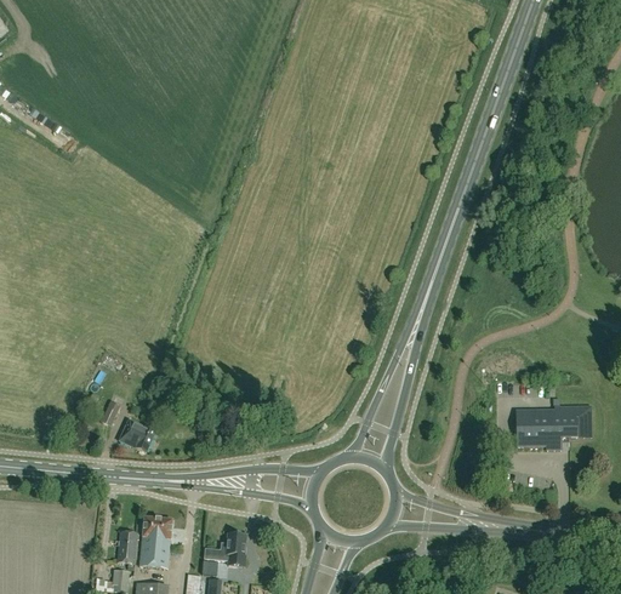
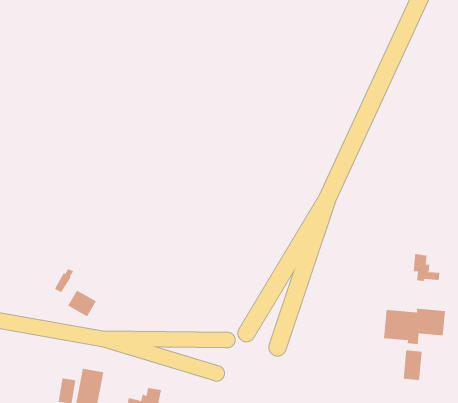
building: none -> [413,253,440,282]
building: none -> [403,349,422,381]

